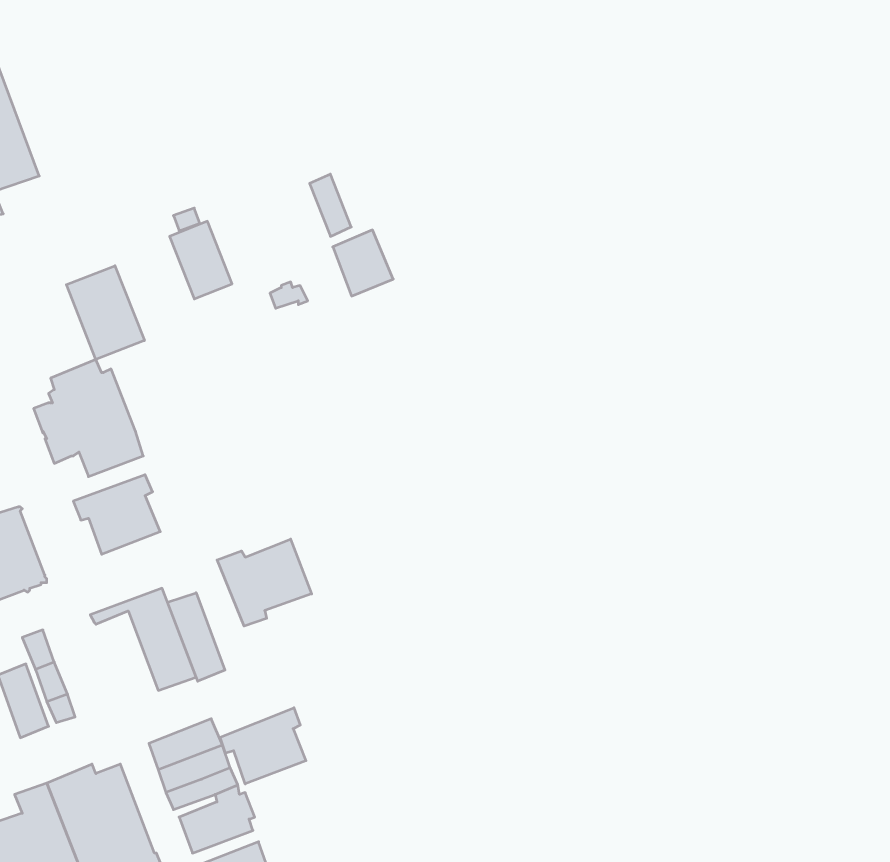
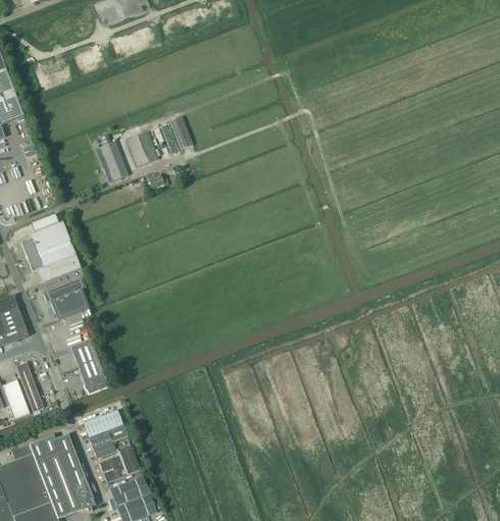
building: [333,230,393,296] -> [126,132,158,167]
building: [66,266,144,359] -> none
building: [217,539,312,626] -> none
building: [167,593,225,681] -> none
building: [220,708,306,784] -> none

